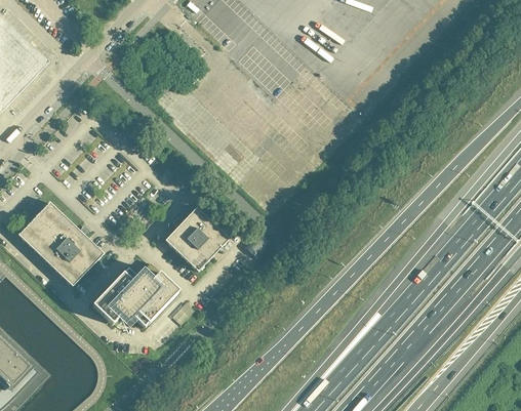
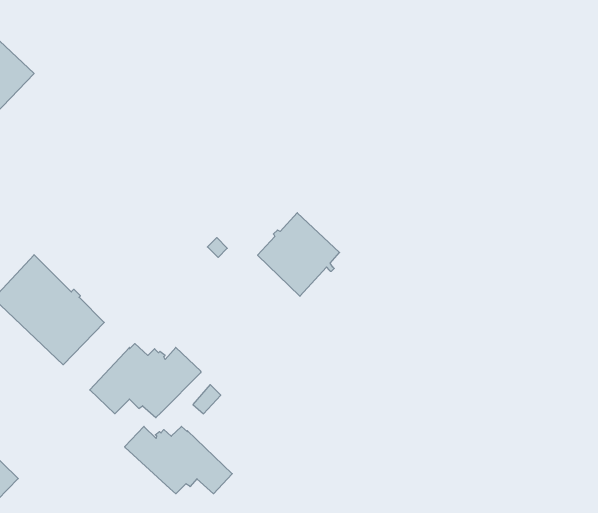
building: [165,206,229,271] -> [258,213,340,296]
building: none -> [125,426,232,494]

